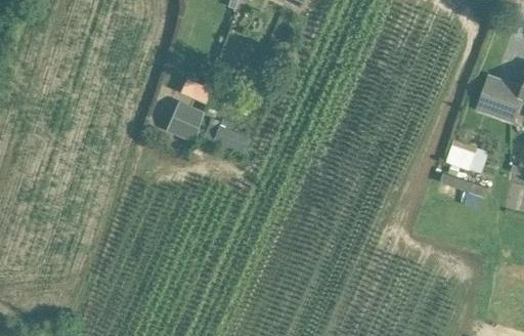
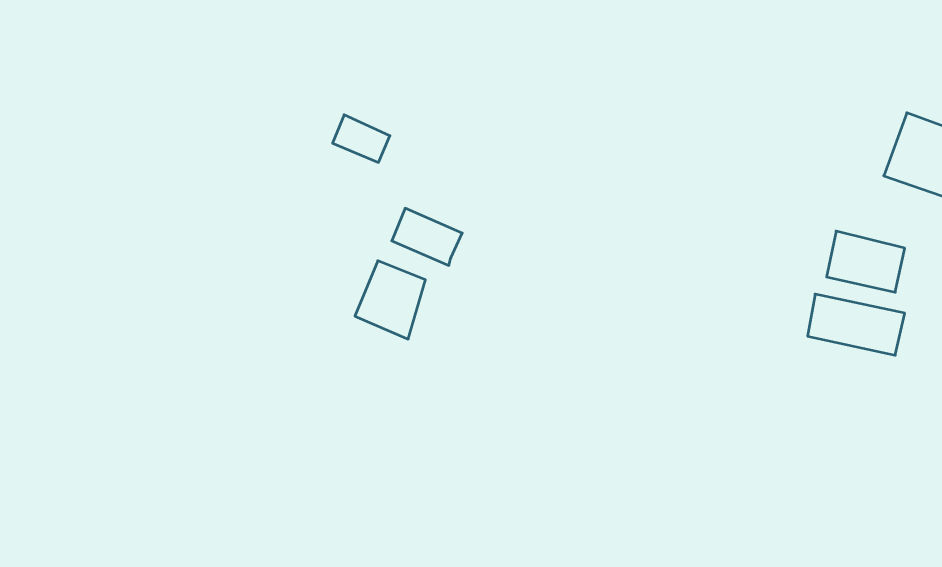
building: [166,104,204,146] -> [355,261,425,339]

